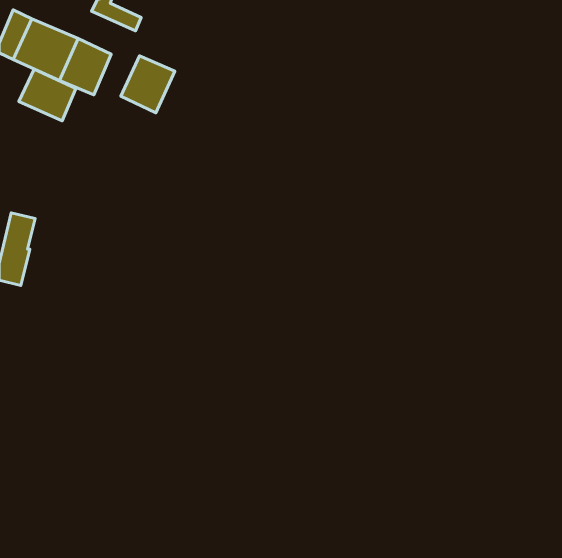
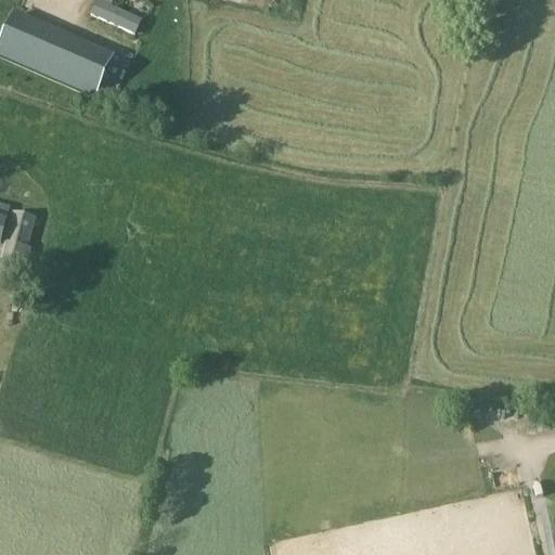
building: [121,56,175,113] -> none
building: [19,69,76,121] -> none

